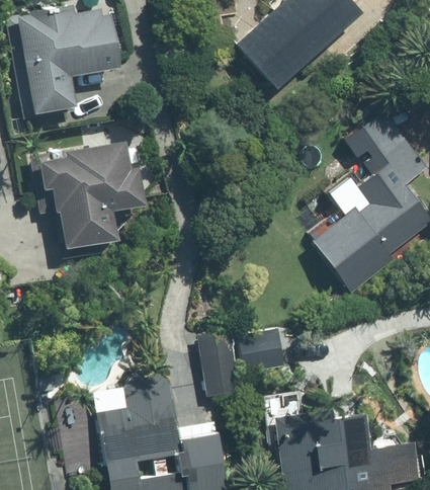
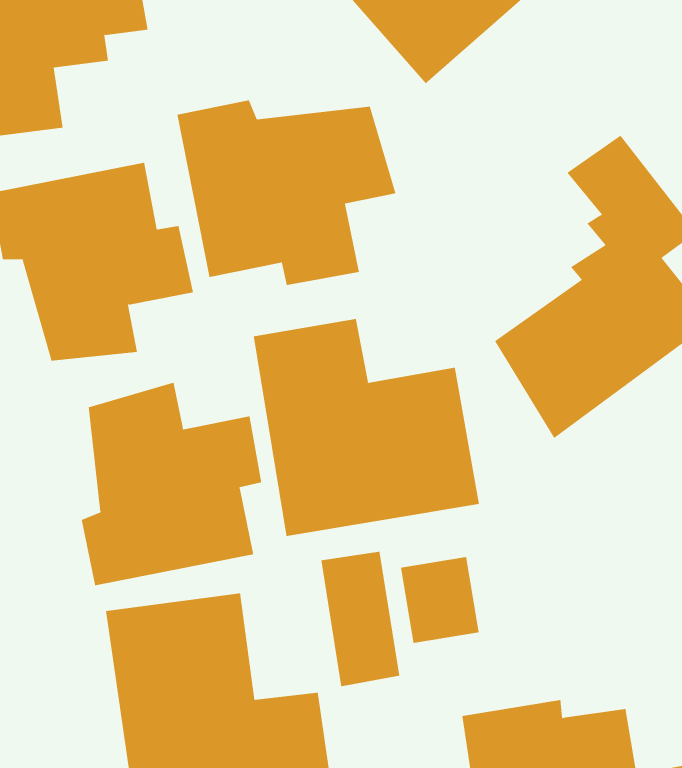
building: none -> [177,99,396,286]
building: none -> [253,318,479,537]
building: none -> [81,382,262,586]

